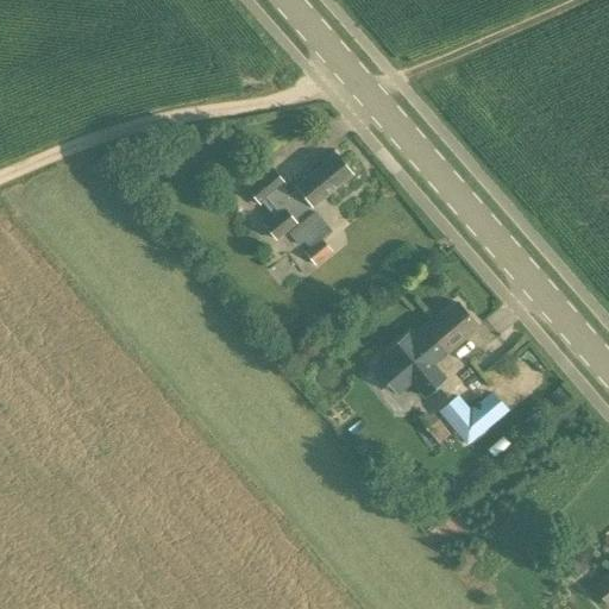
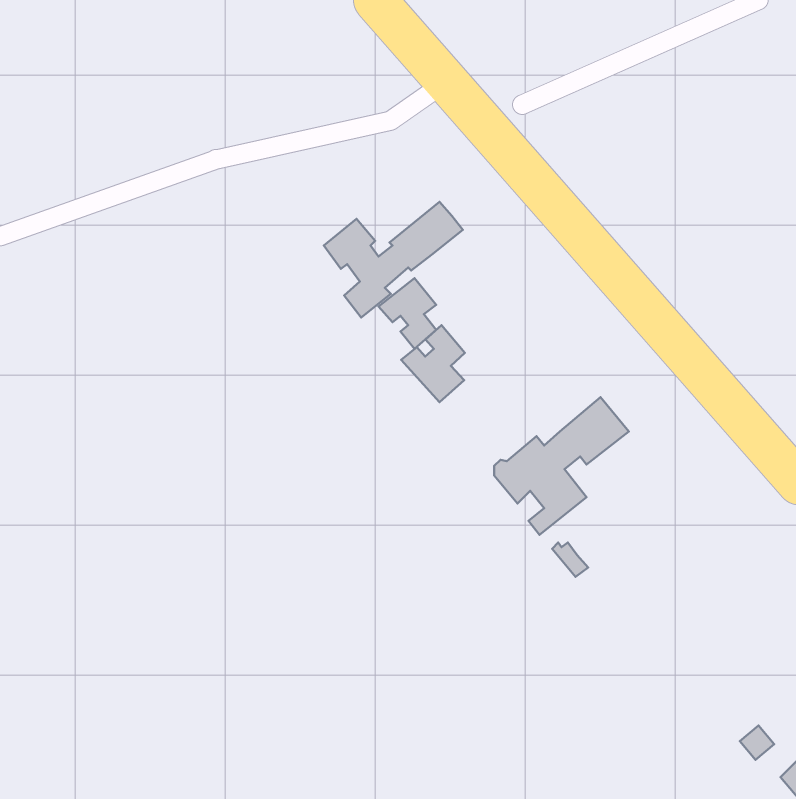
building: none -> [401,325,465,402]
building: [440,390,511,445] -> none

